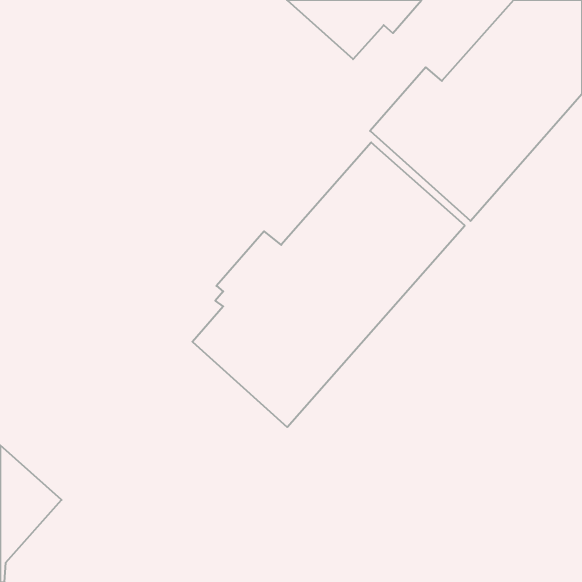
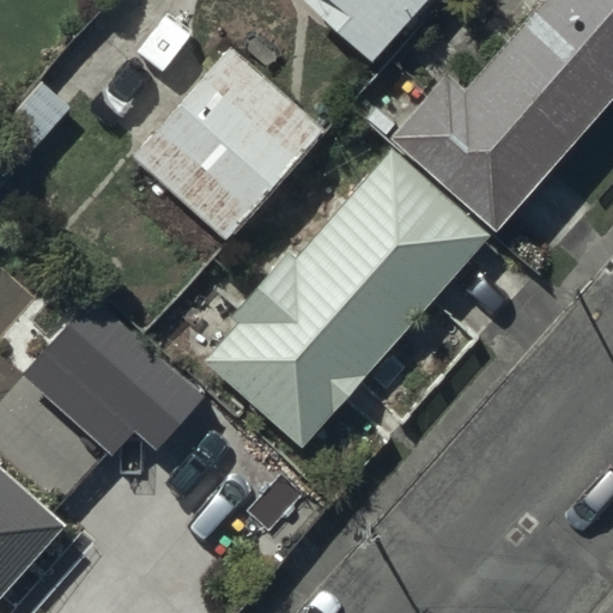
building: none -> [129,43,327,241]
building: none -> [53,312,216,480]

